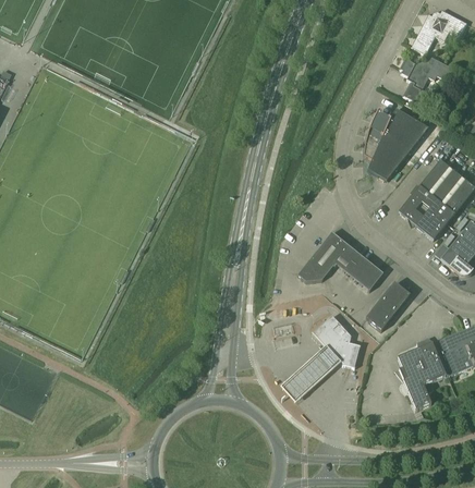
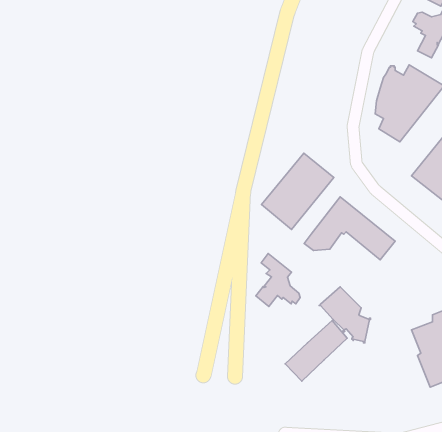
building: none -> [262,153,334,229]
building: [365,281,410,329] -> none
building: none -> [256,253,300,307]

